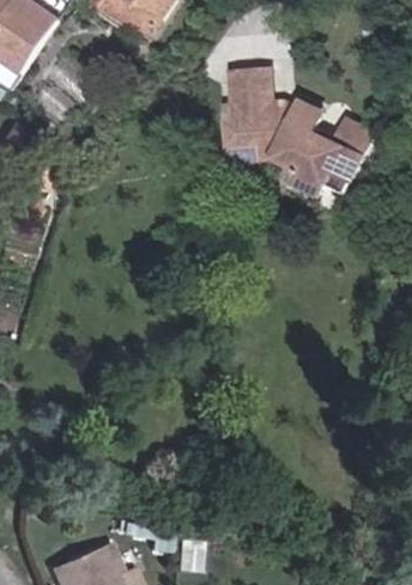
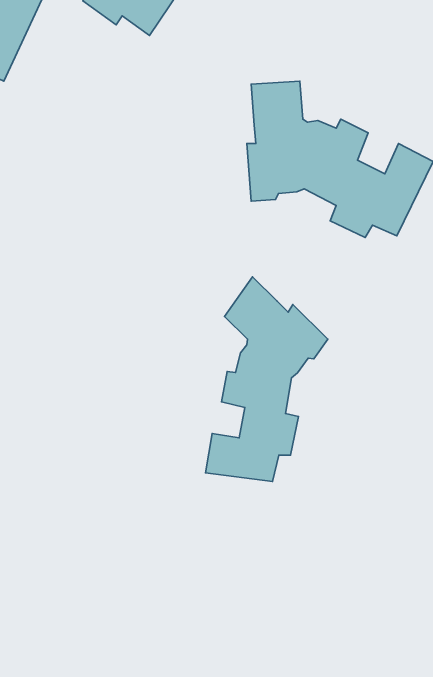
building: none -> [205,277,328,481]

